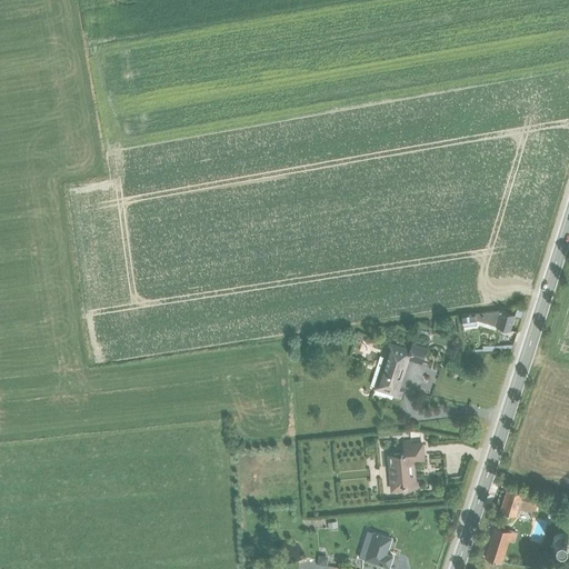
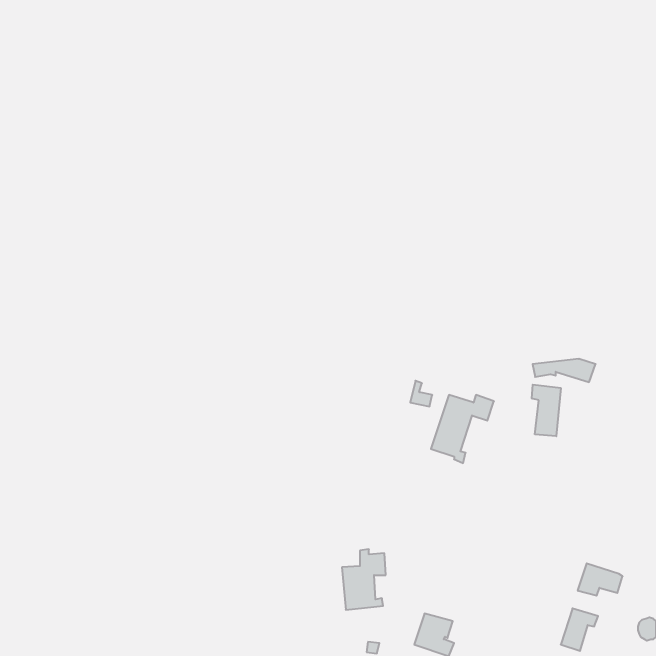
building: none -> [532,385,561,436]
building: [387,439,425,491] -> [342,549,386,610]

